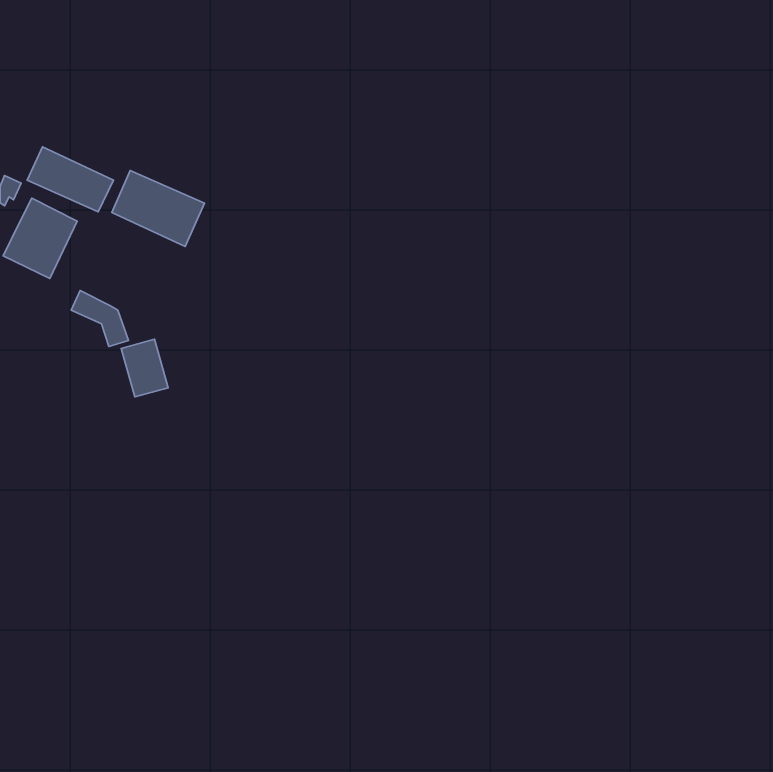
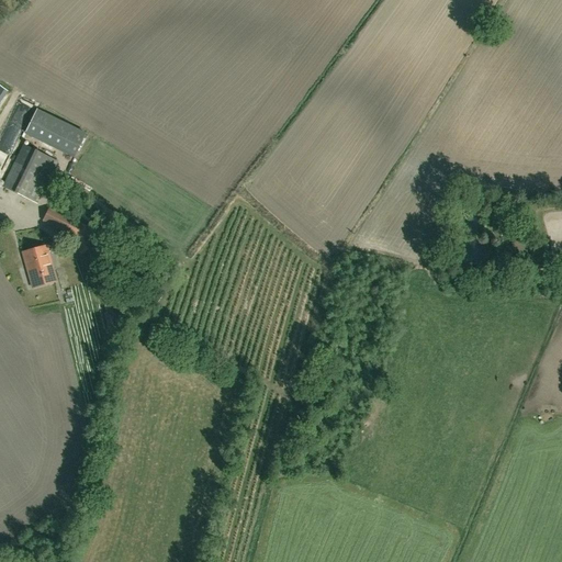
building: [112,171,205,246] -> none
building: [121,339,168,397] -> [22,245,56,286]

